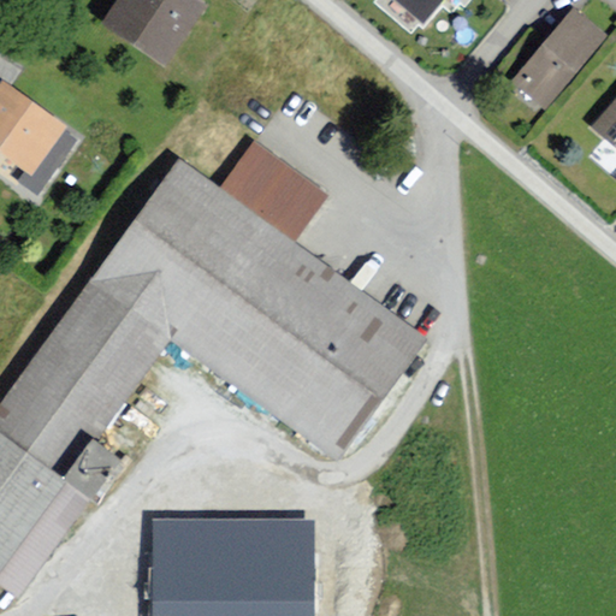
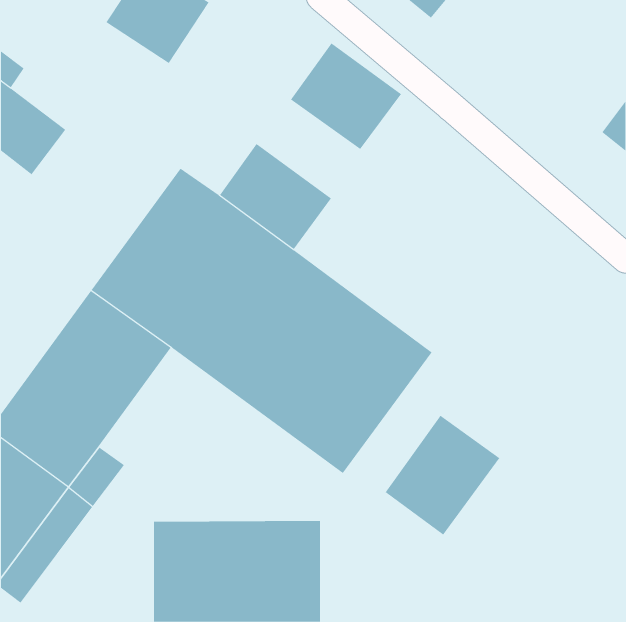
building: [511,6,609,107] -> none
building: none -> [290,42,402,150]
building: none -> [385,415,500,536]

